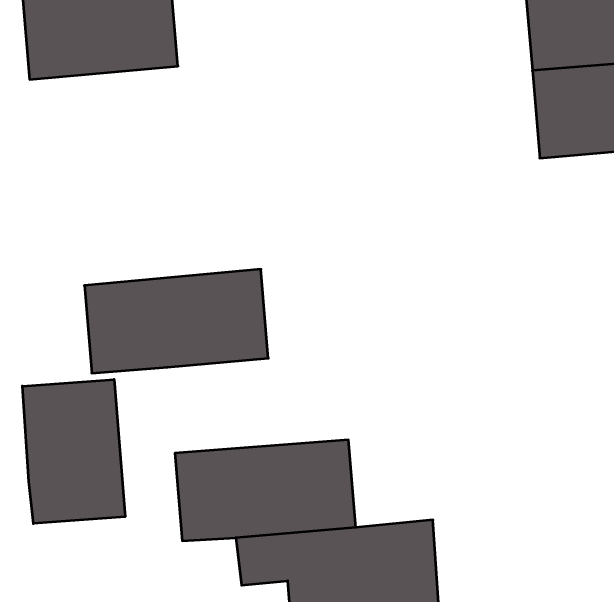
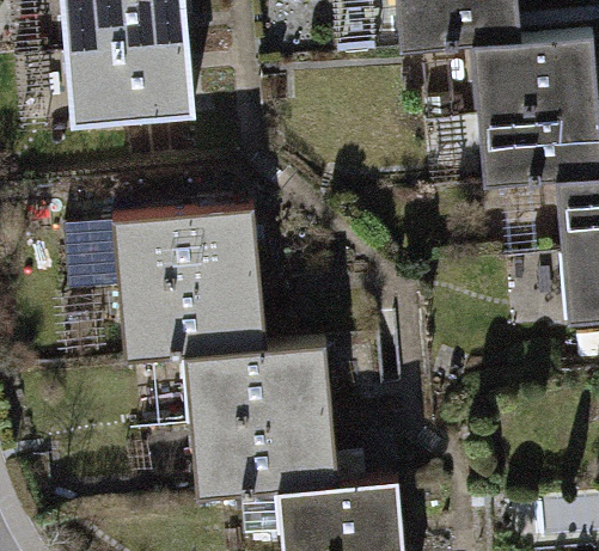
building: none -> [65,204,259,288]
building: none -> [184,342,330,423]
building: [22,379,125,524] -> none

